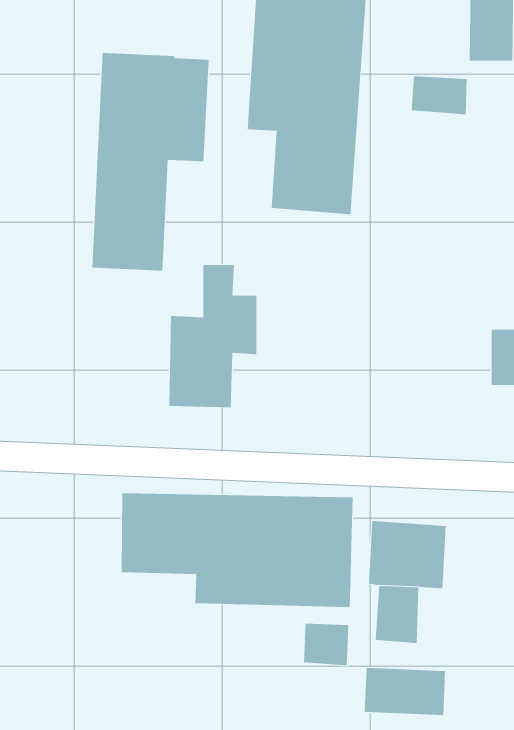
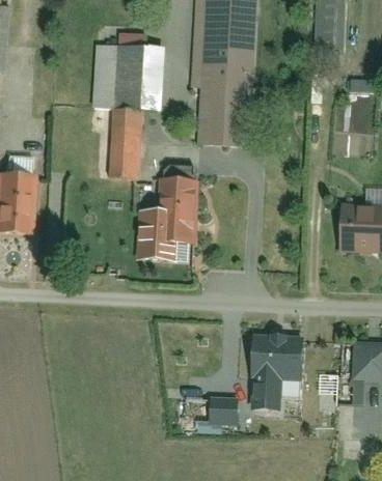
building: [411,76,467,115] -> none
building: [121,493,353,608] -> none
building: [364,667,446,716] -> none

